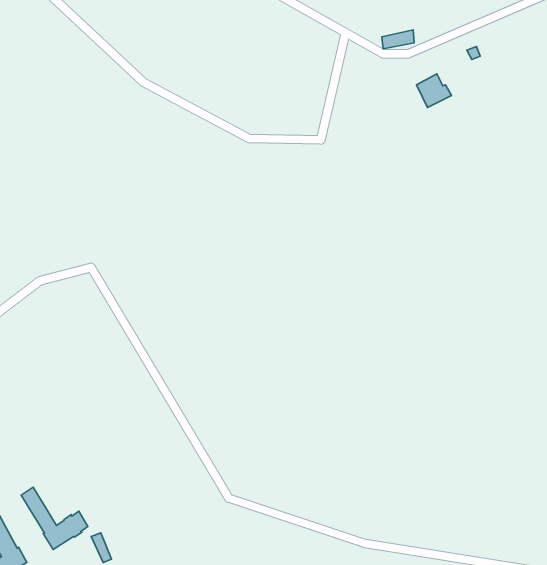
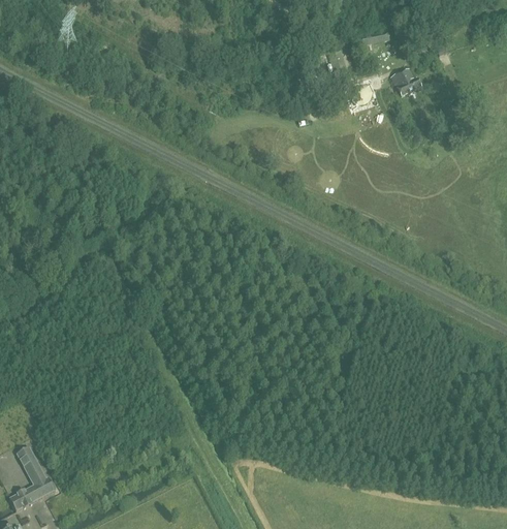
building: [21,487,88,549] -> none

